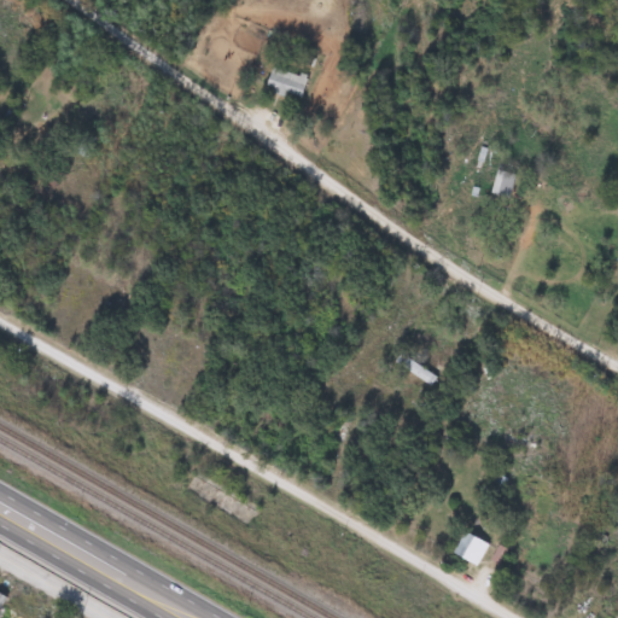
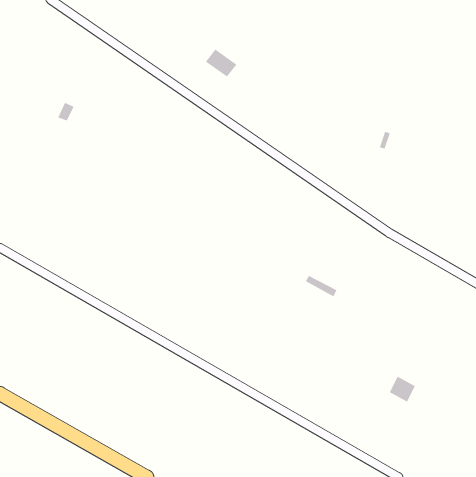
building: [454,531,489,566] -> [389,376,416,403]

